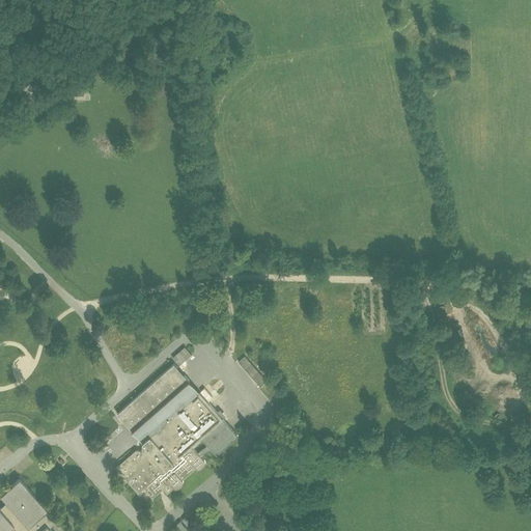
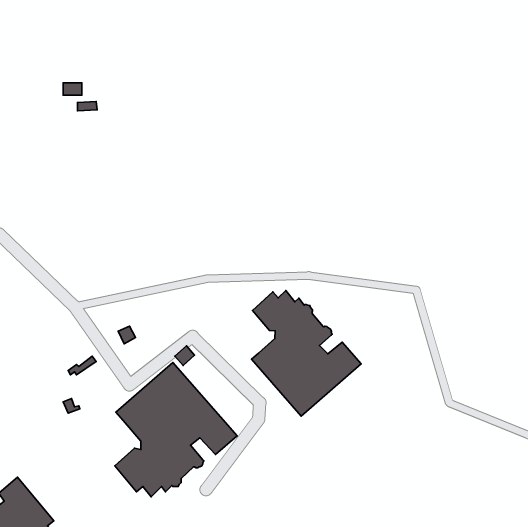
building: none -> [252,290,361,416]

